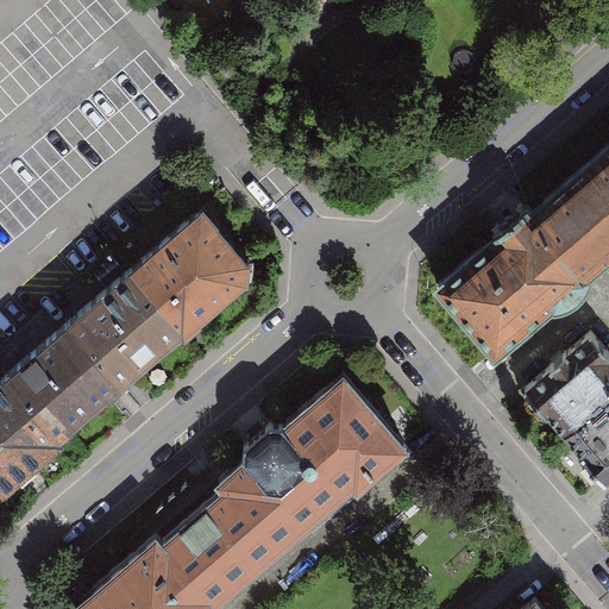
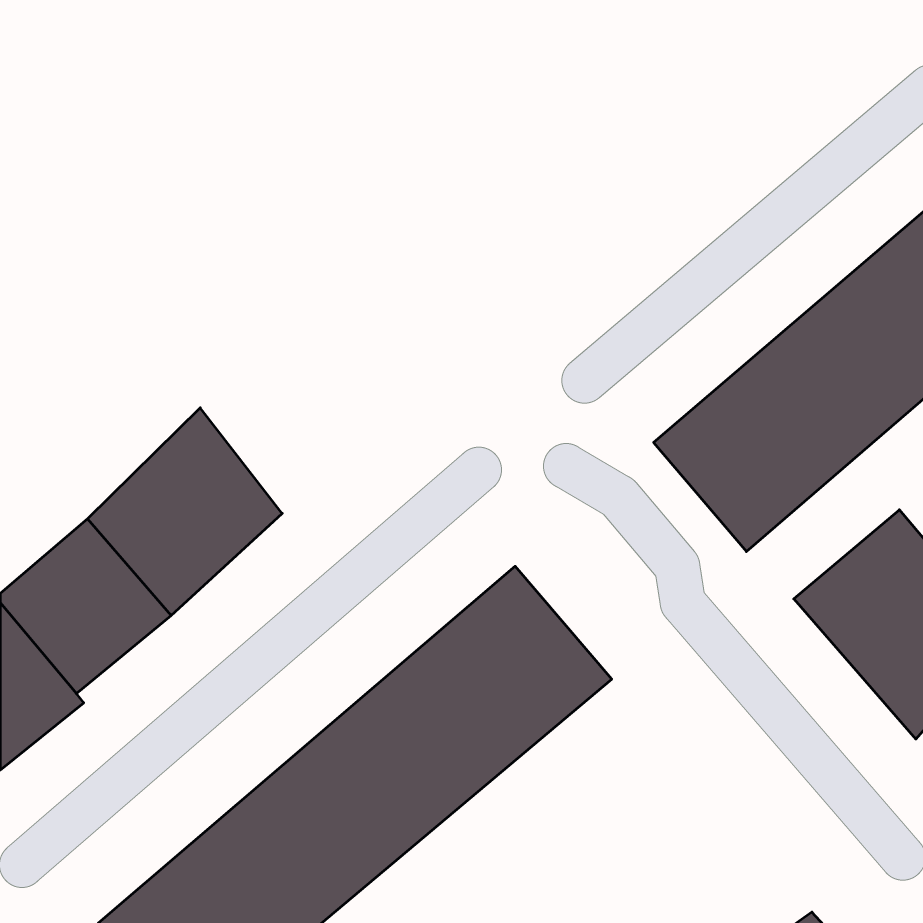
building: [136,211,253,340] -> none

